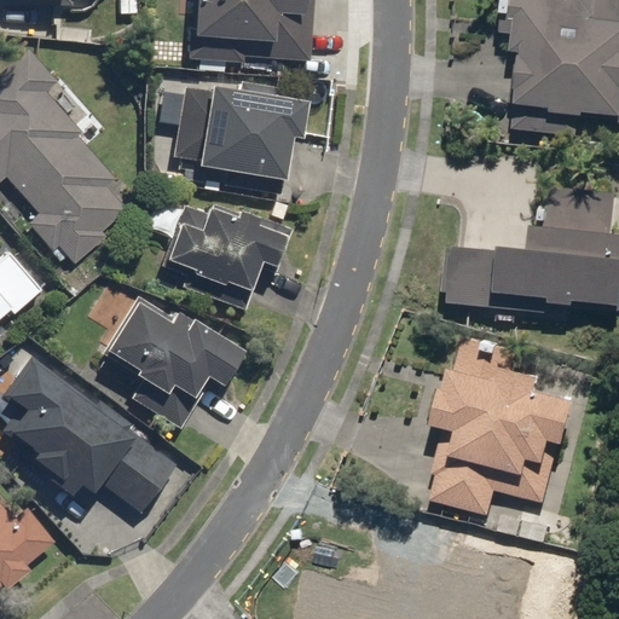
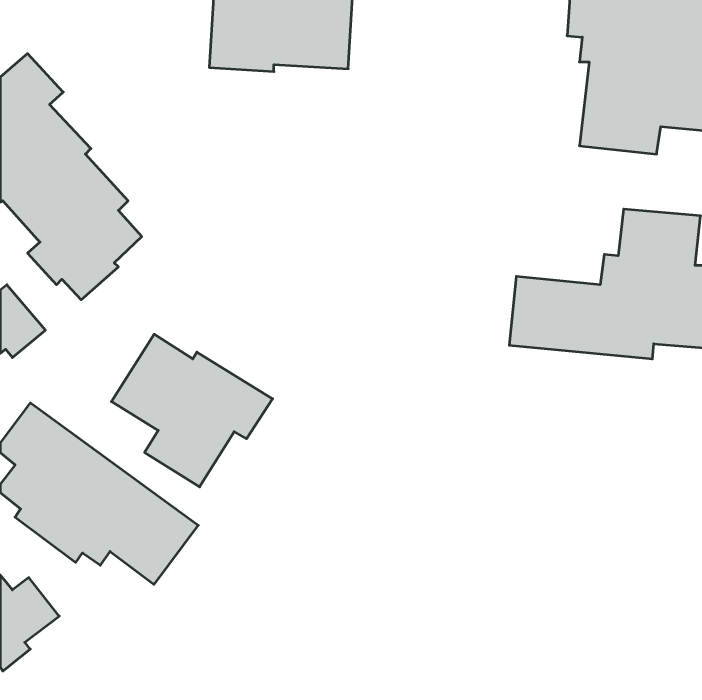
building: [170,80,305,195] -> none
building: [160,199,291,310] -> none
building: [426,336,575,513] -> none

